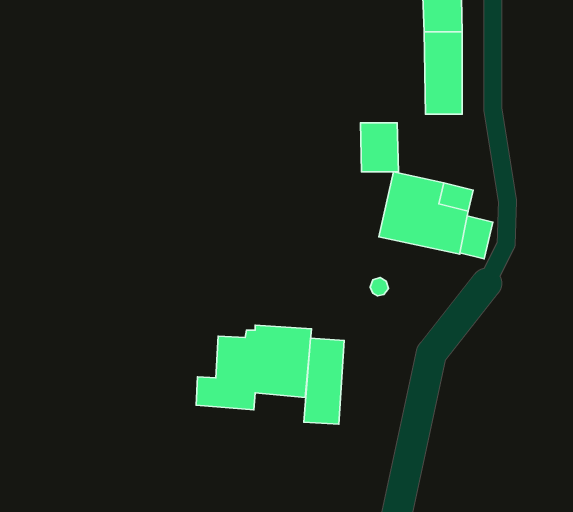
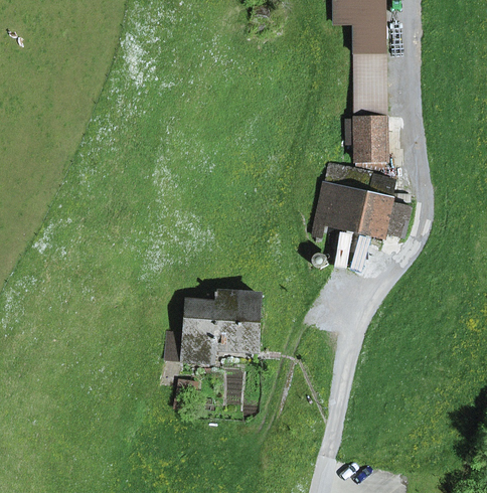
building: [360,123,398,172] -> [354,122,385,162]
building: [304,338,344,424] -> none

